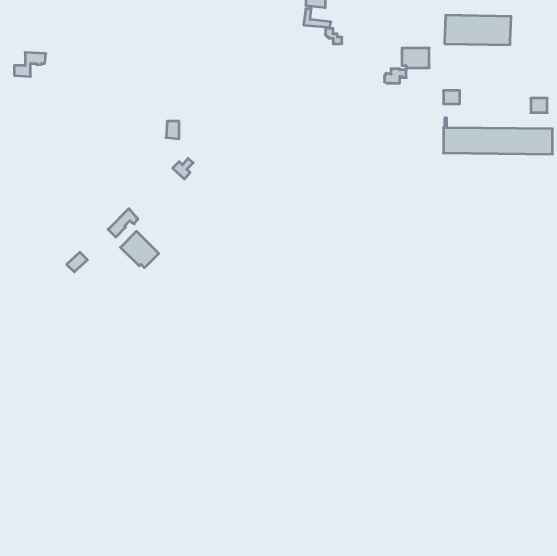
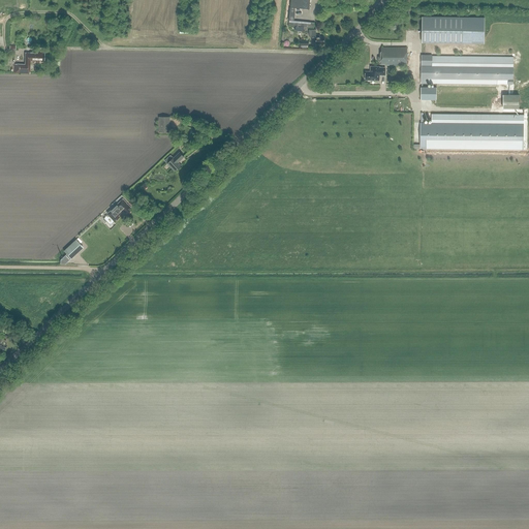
building: none -> [421,54,512,83]
building: [120,231,159,268] -> none

